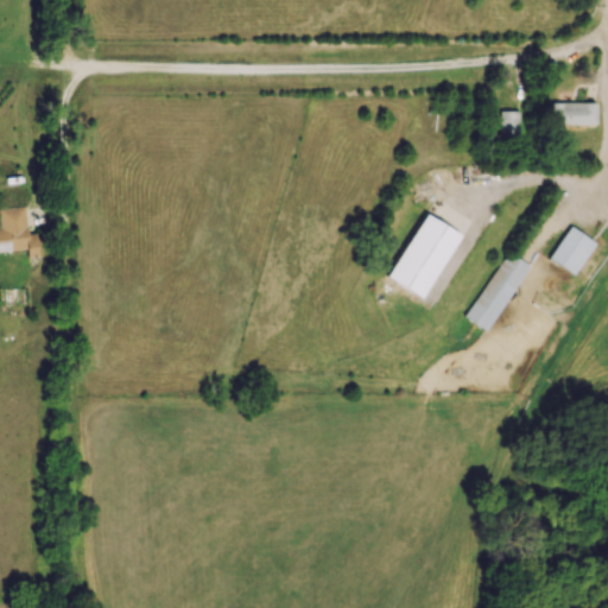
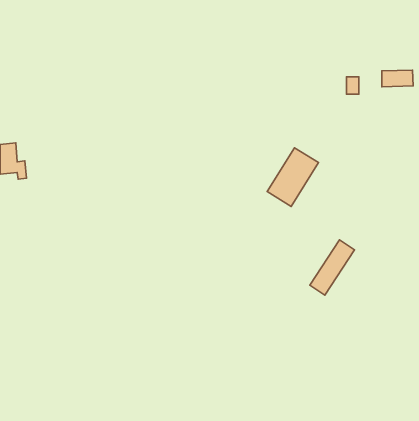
building: [550,227,597,276] -> none
building: [467,252,531,331] -> [310,240,354,295]

